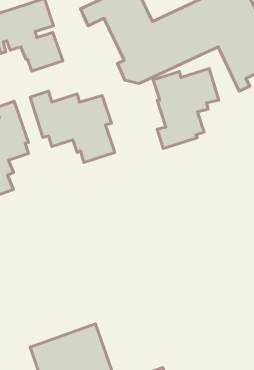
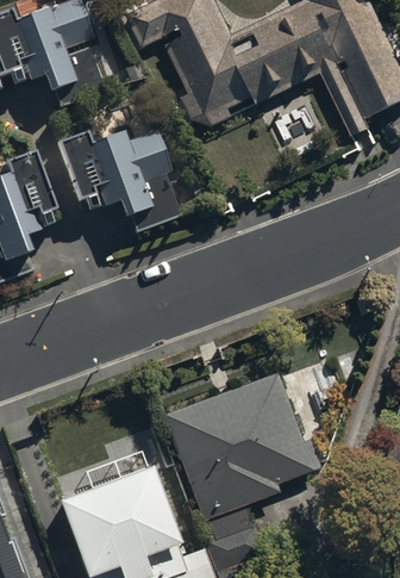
building: [153,69,219,149] -> none
building: none -> [163,369,320,516]

